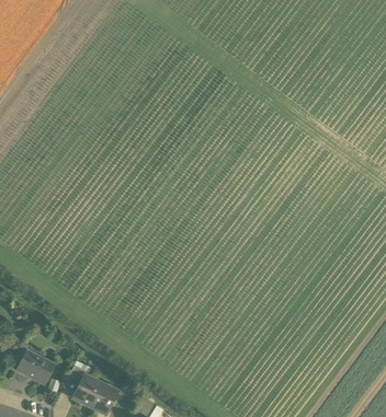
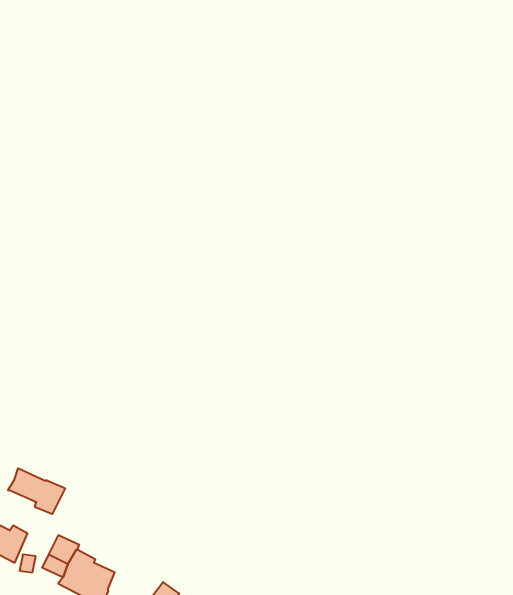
building: none -> [8,468,65,514]

